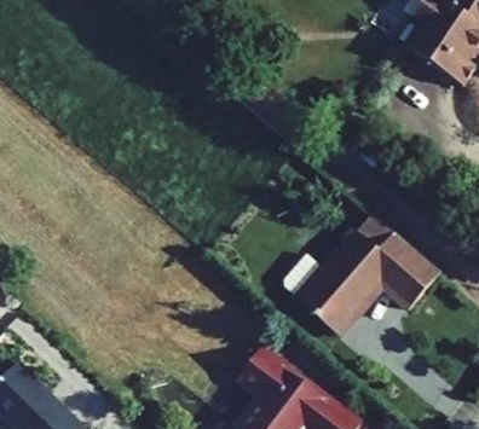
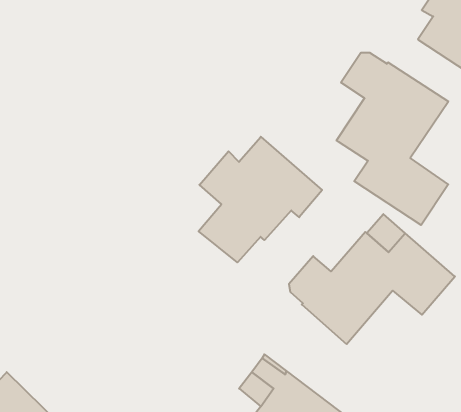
building: none -> [337,53,448,225]
building: none -> [199,137,322,262]

